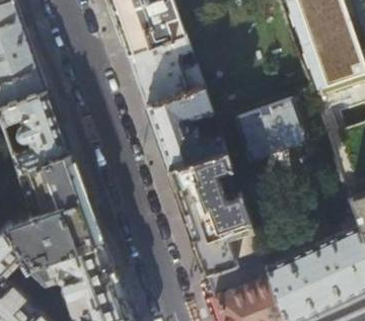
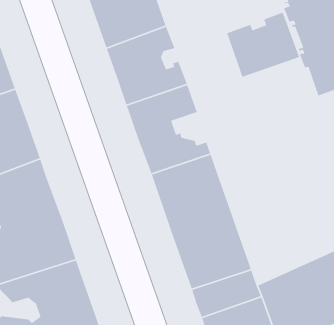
building: [237,100,304,160] -> [226,11,300,78]

